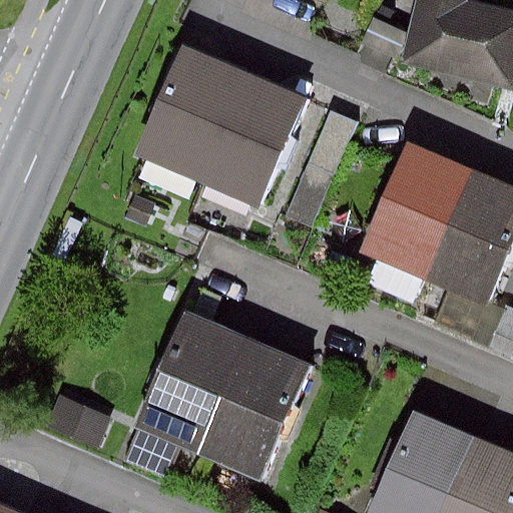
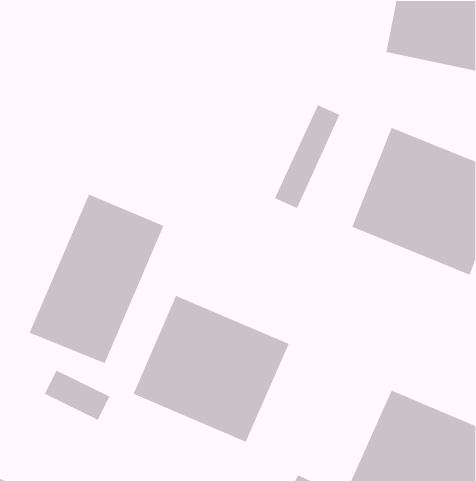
building: [140,48,301,206] -> none
building: none -> [28,193,165,364]

